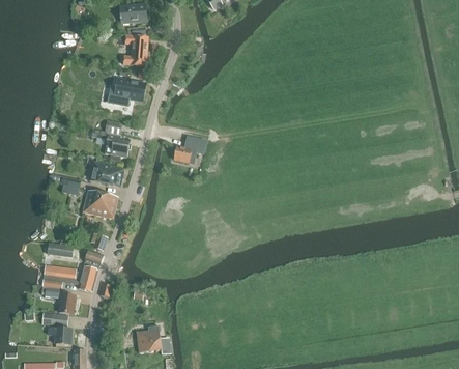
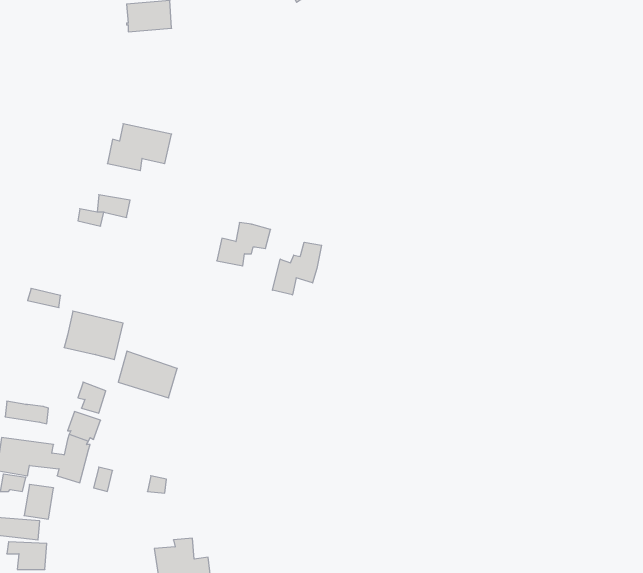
building: [123,35,148,66] -> none
building: [104,134,131,158] -> none
building: none -> [272,242,322,295]
building: [88,162,123,190] -> [118,351,177,398]

